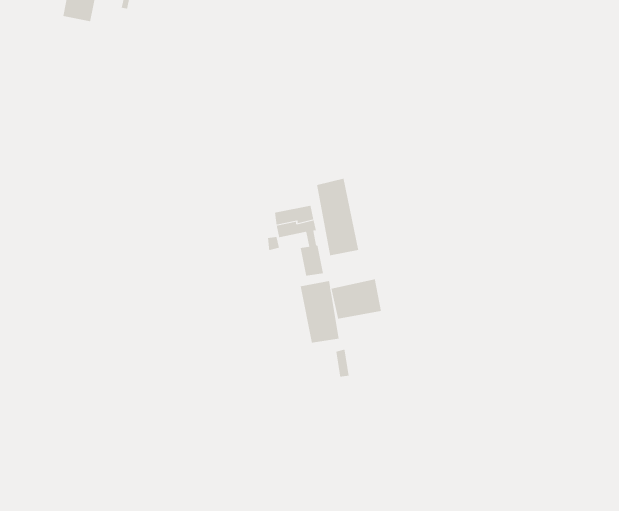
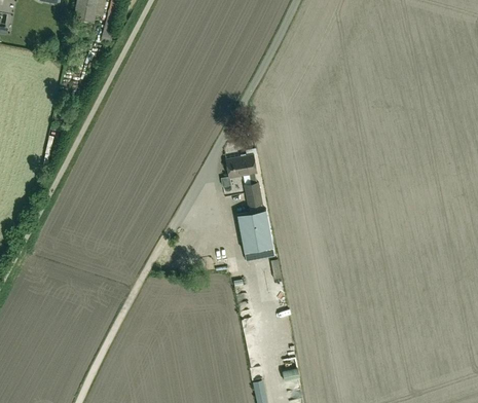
building: [317,178,359,256] -> none
building: [331,278,382,319] -> none

